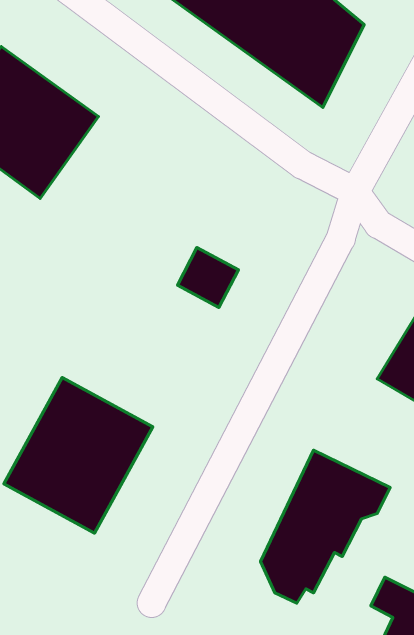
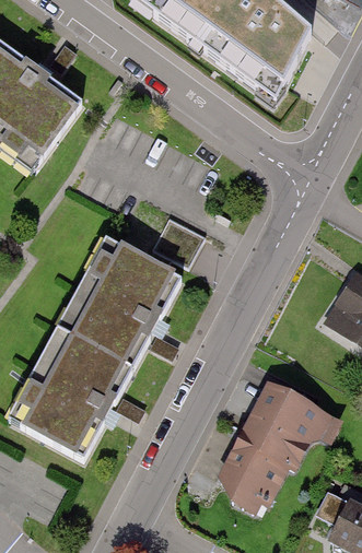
building: none -> [56,232,182,364]

